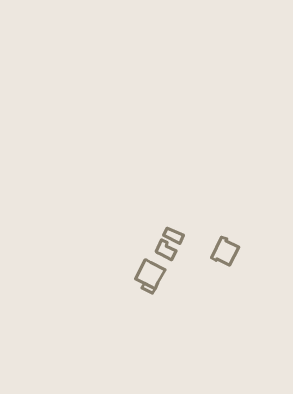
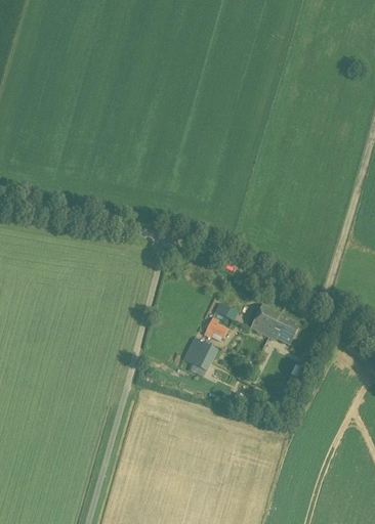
building: none -> [250,303,280,336]

